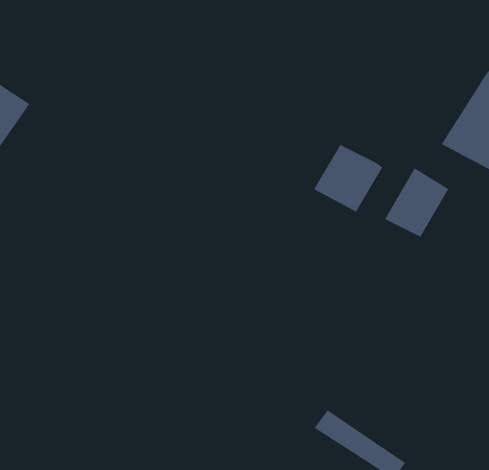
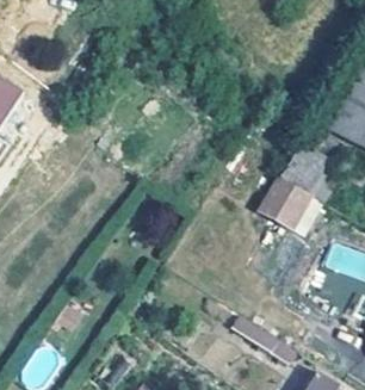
building: [313,144,383,213] -> [260,178,310,227]

